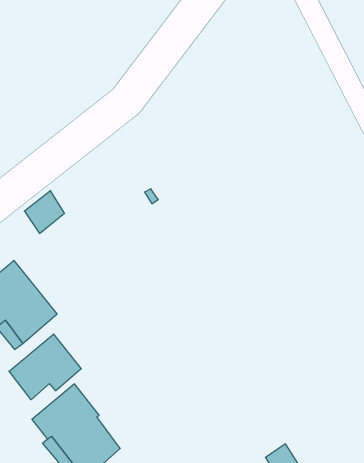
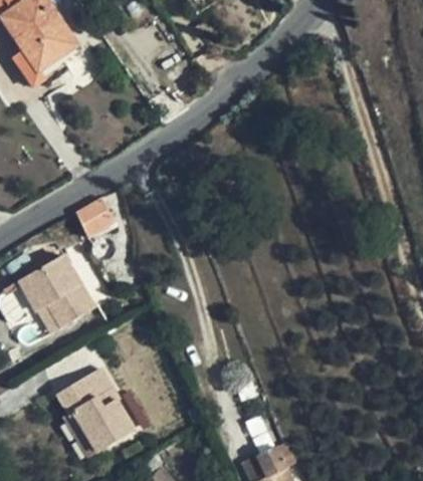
building: [9,334,81,400] -> none

